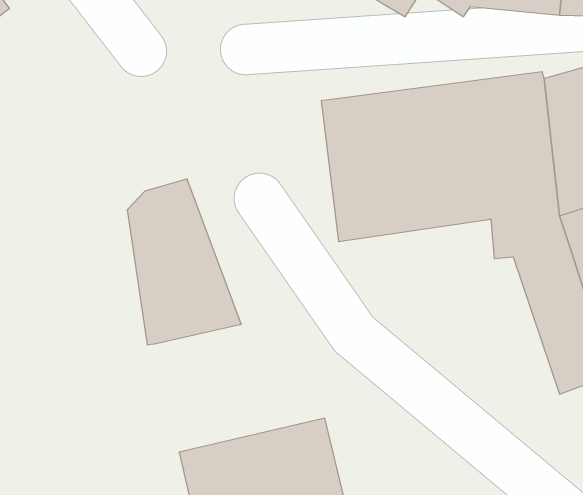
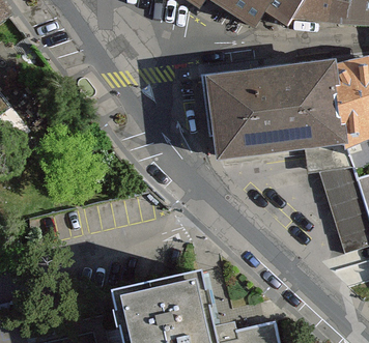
building: [128,179,241,345] -> none

